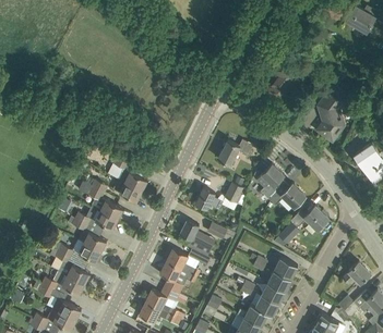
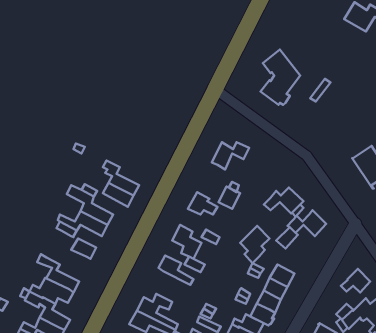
building: [318,86,347,140] -> none
building: [255,163,284,199] -> [240,226,269,263]
building: [58,239,100,262] -> none
building: [159,260,196,293] -> none

